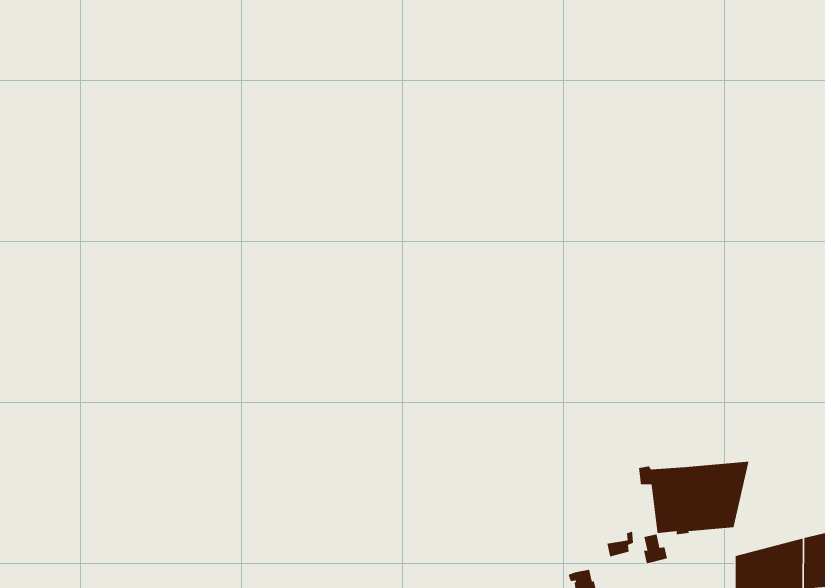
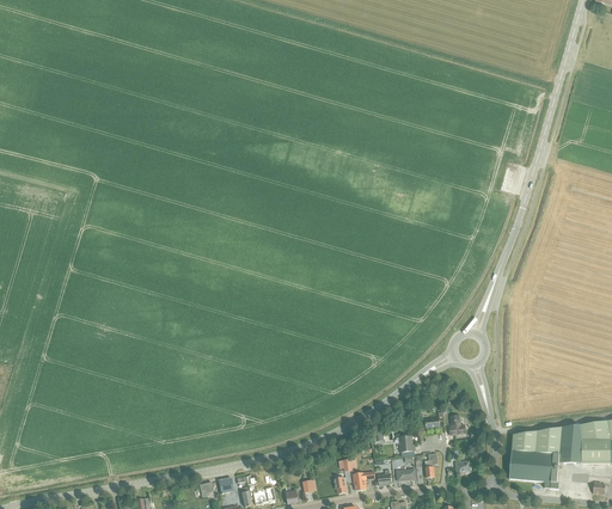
building: [638,461,749,535] -> none

